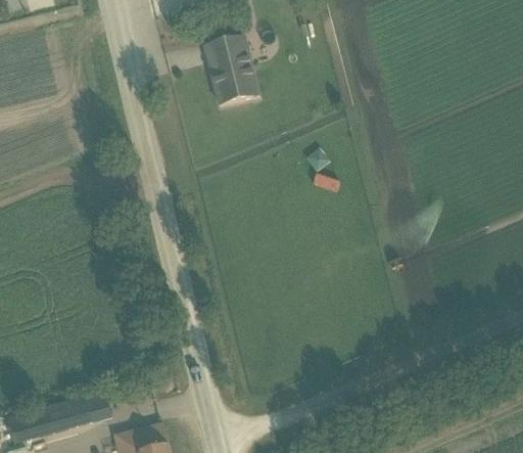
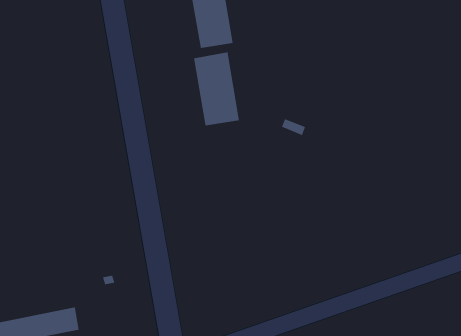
building: none -> [194,52,240,126]

